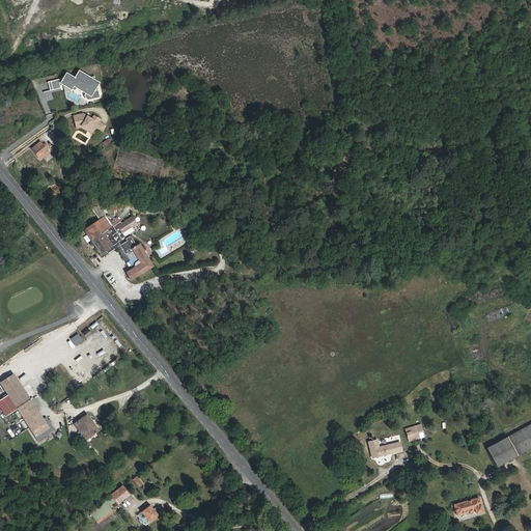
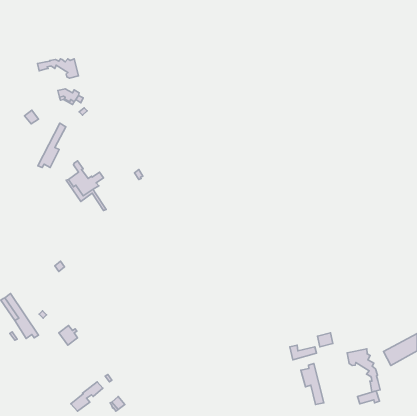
building: none -> [38,123,66,168]
building: [120,235,153,279] -> none
building: none -> [347,349,380,392]
building: none -> [301,364,324,405]

